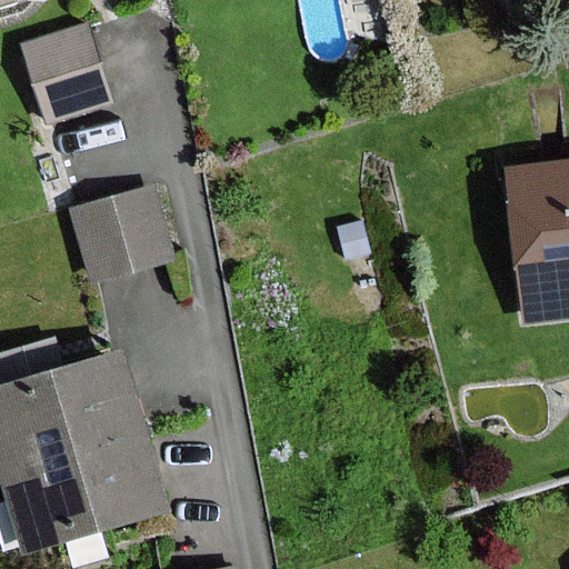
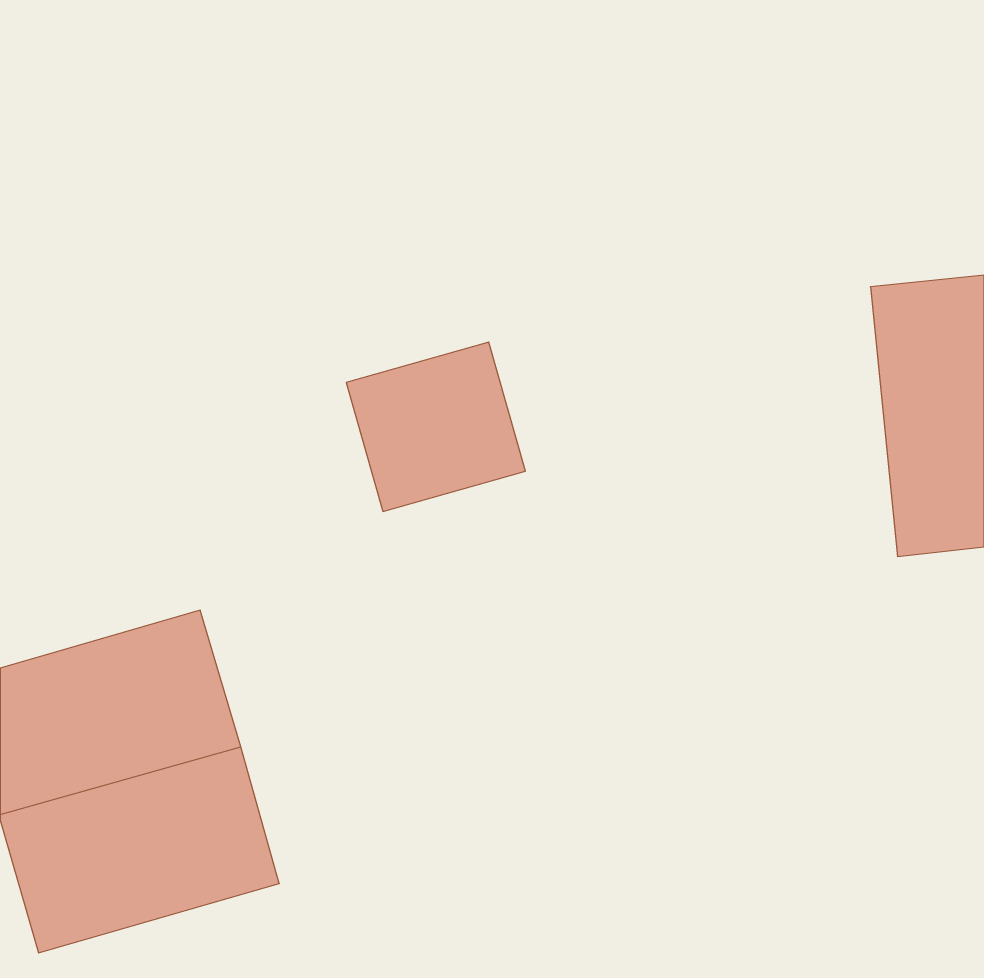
building: [17,23,107,116] -> none
building: [79,188,182,286] -> [346,342,525,511]

